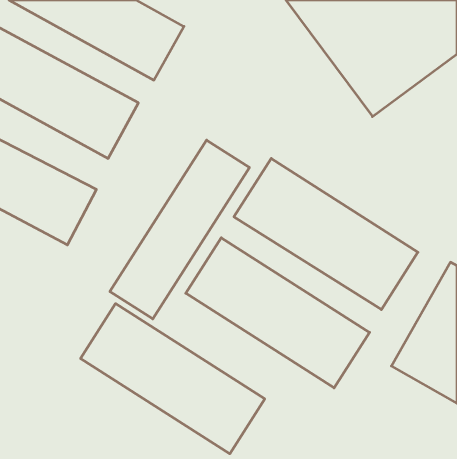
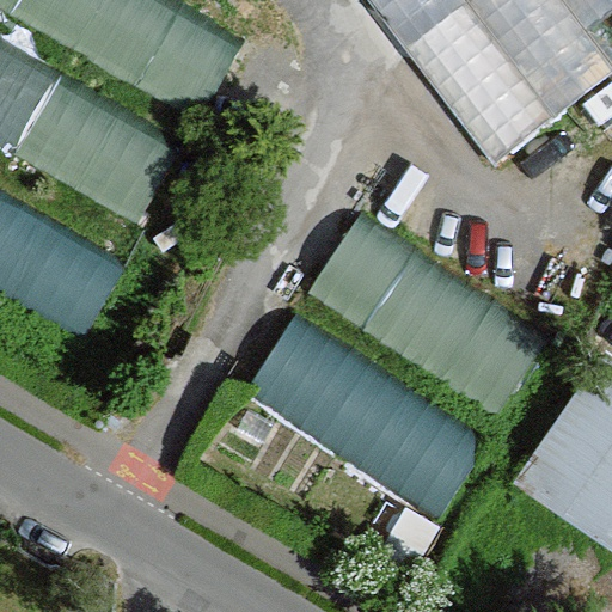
building: [110,140,249,319] -> none
building: [81,304,265,454] -> none

